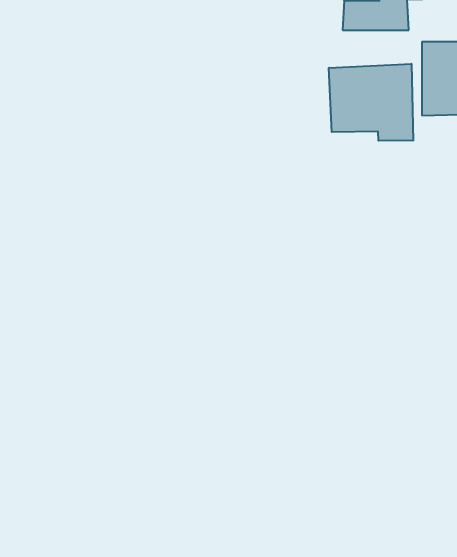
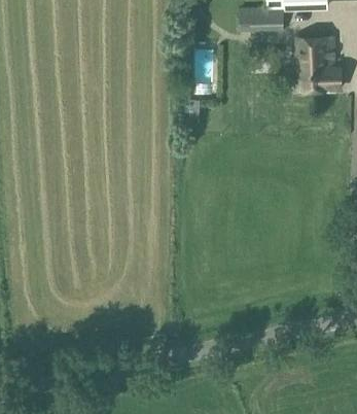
building: [329,64,413,141] -> none

